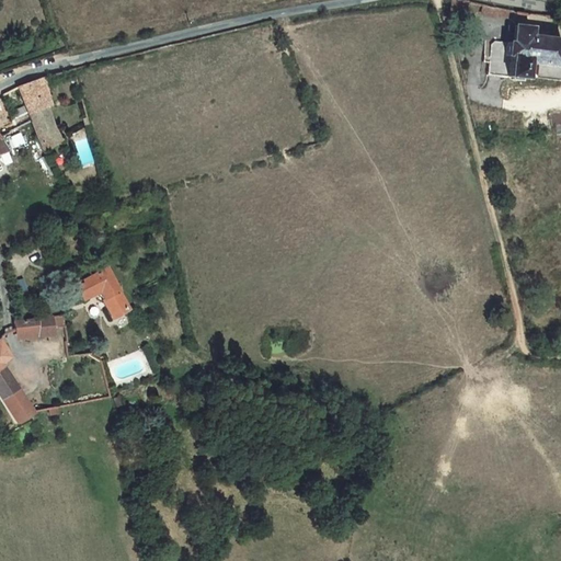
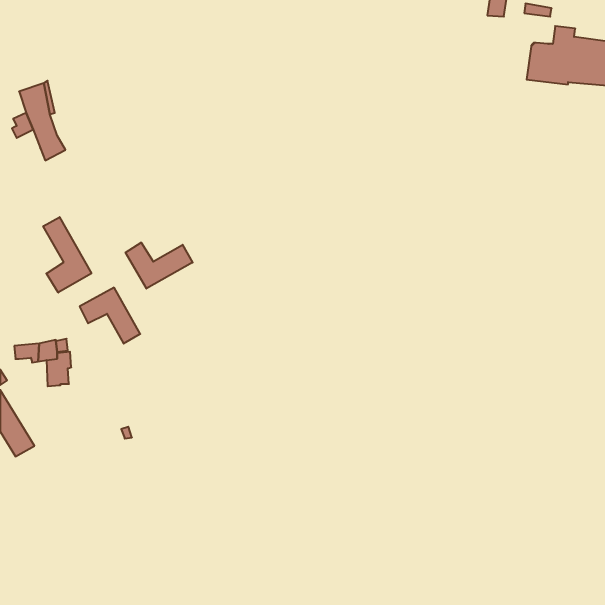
building: none -> [43,217,91,293]
building: none -> [126,242,193,289]

